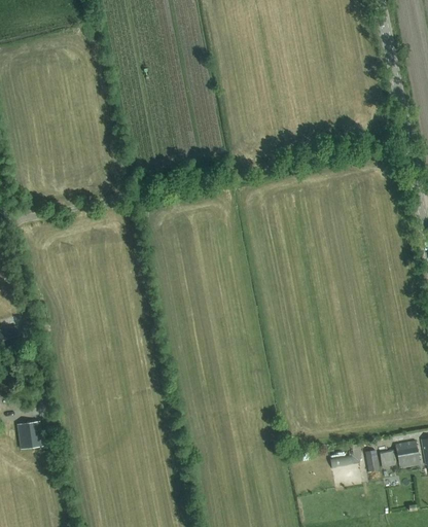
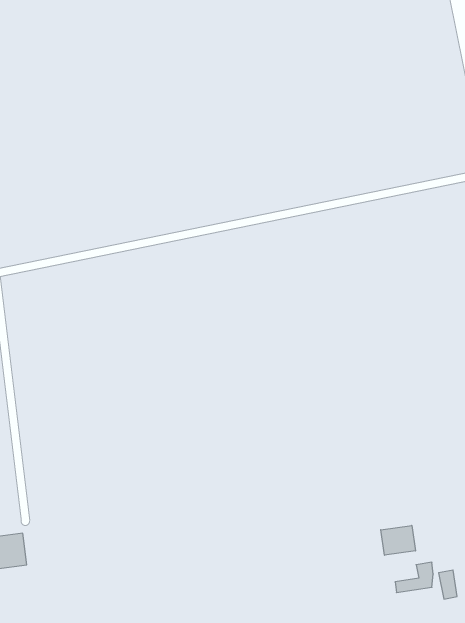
building: none -> [381,525,415,555]

